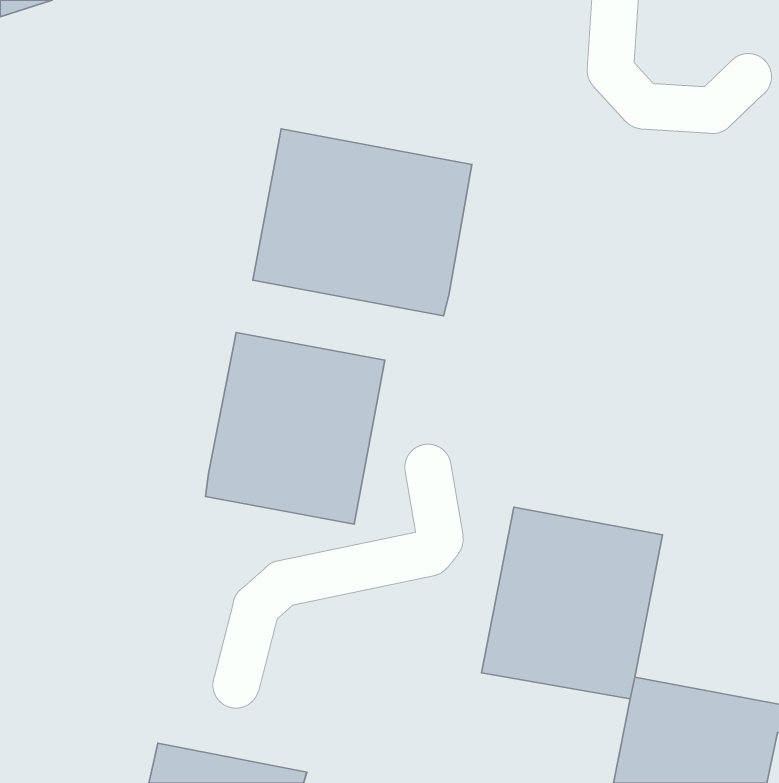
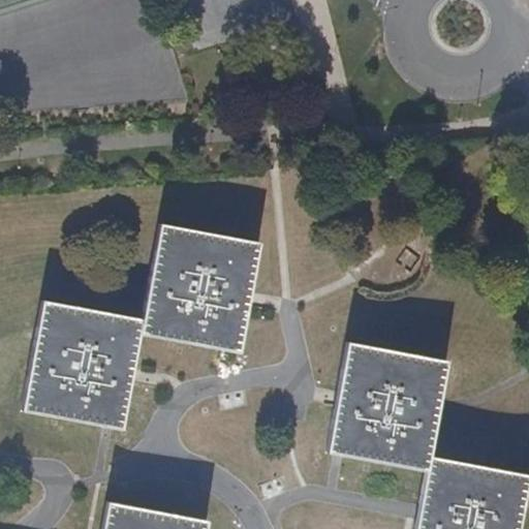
building: [253,129,472,316] -> none
building: none -> [23,301,144,431]

